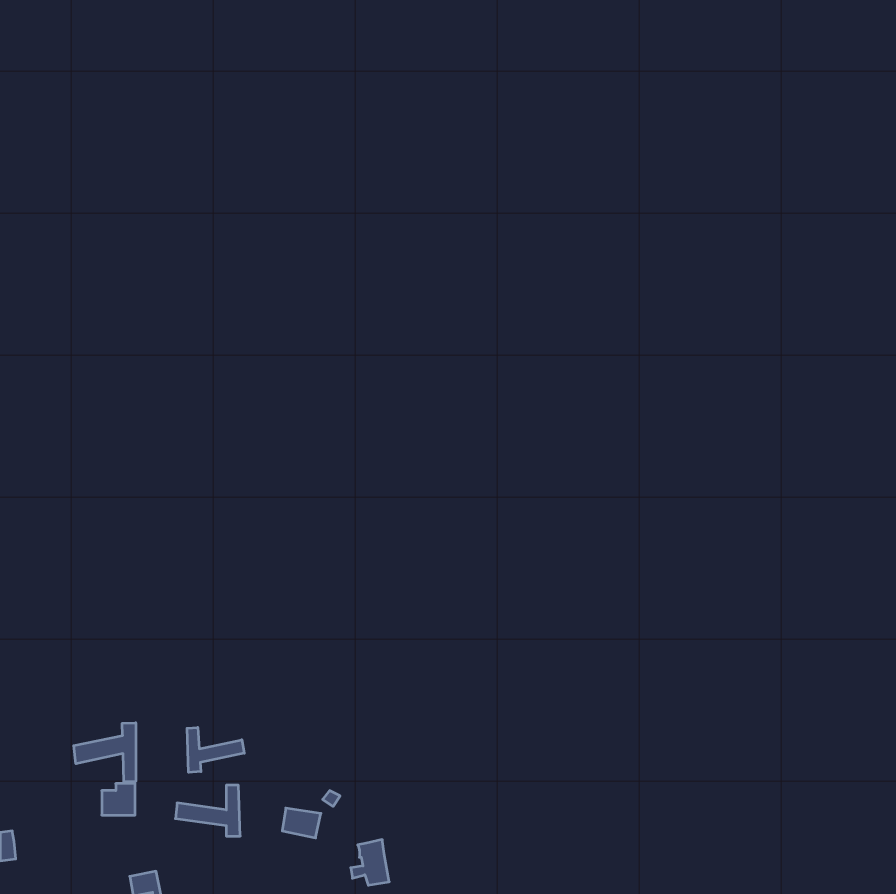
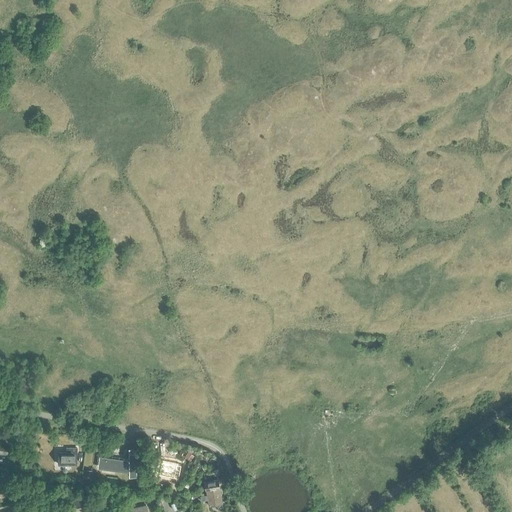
building: [74,723,136,782] -> none
building: [187,727,244,772] -> none

